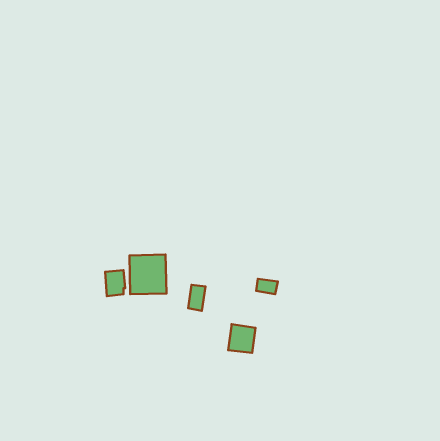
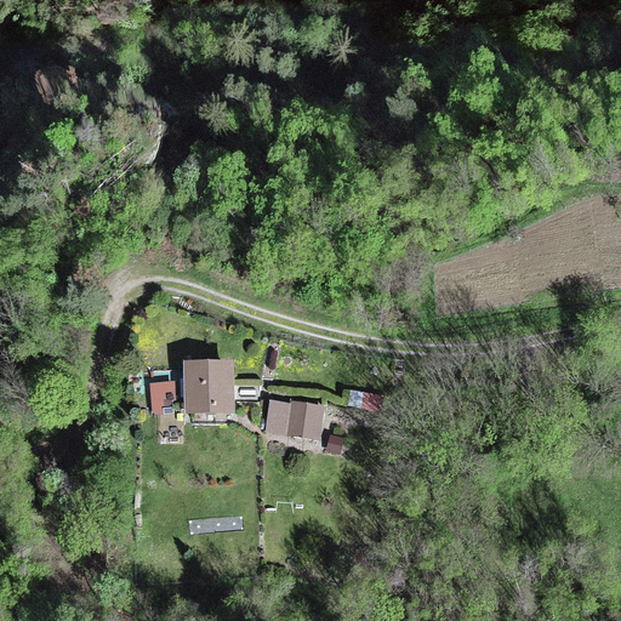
building: [228,324,256,353] -> [284,400,323,440]

